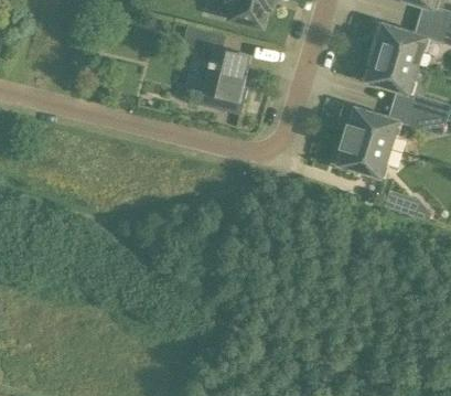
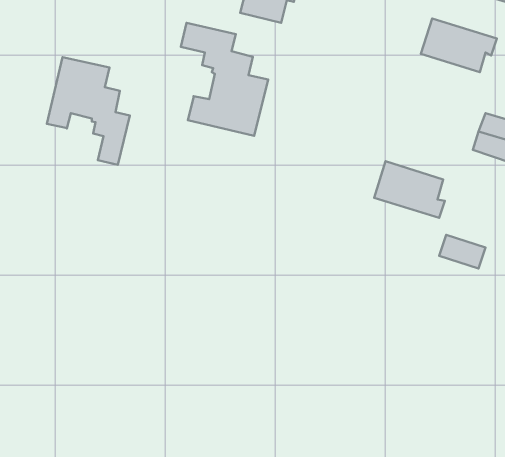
building: [361,49,416,93] -> none
building: none -> [47,57,130,165]
building: [342,105,401,147] -> none

